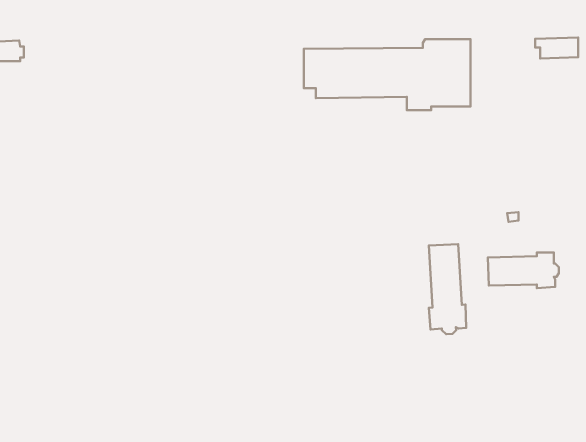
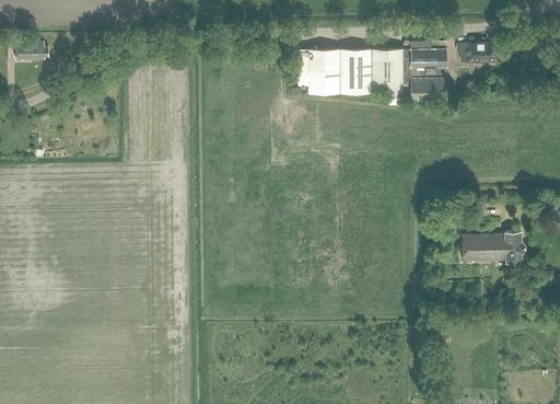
building: [535,38,578,58] -> [456,43,494,61]
building: [429,244,466,334] -> none

